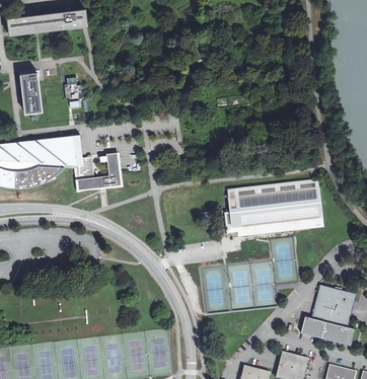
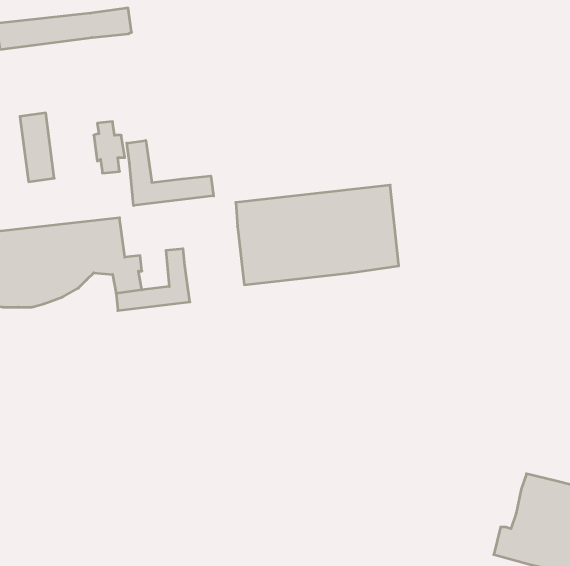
building: none -> [127,140,214,206]
building: [226,178,322,237] -> [236,185,399,285]

